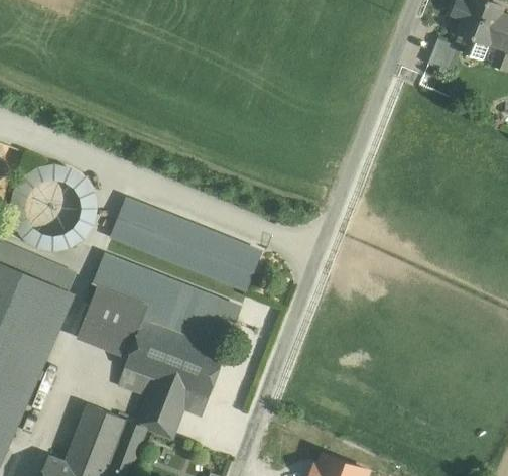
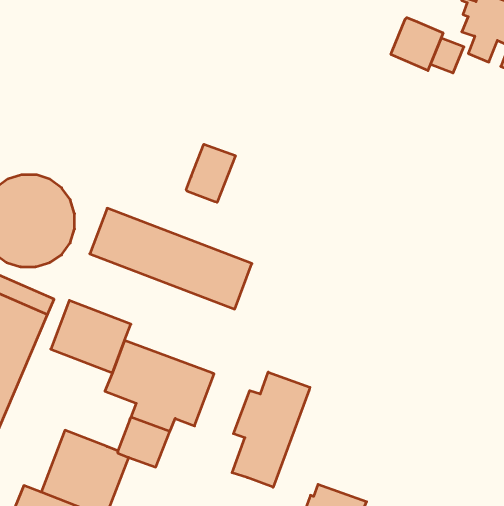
building: none -> [391,18,443,71]
building: none -> [186,144,235,202]
building: [91,253,241,351] -> none
building: none -> [232,372,310,487]
building: [118,368,153,394] -> none

